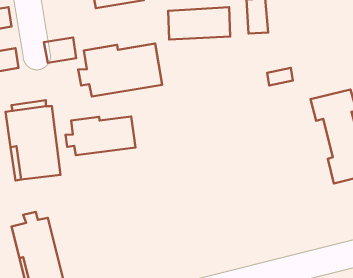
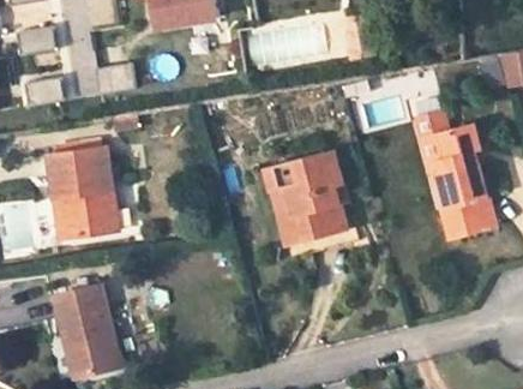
building: [78,44,162,97] -> none
building: none -> [270,152,351,241]
building: [65,117,135,155] -> none

